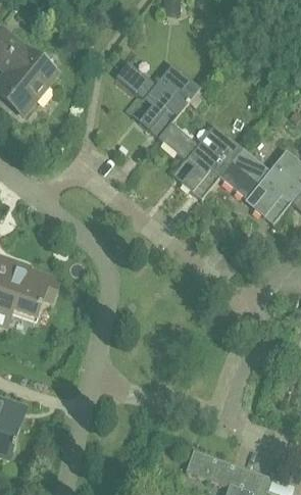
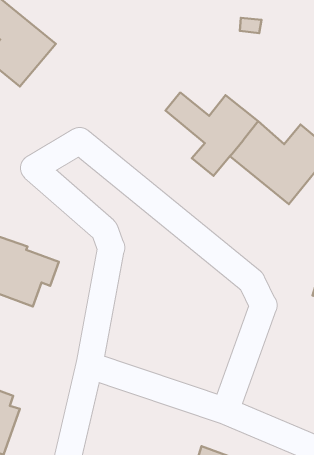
building: [115,61,199,137] -> none

